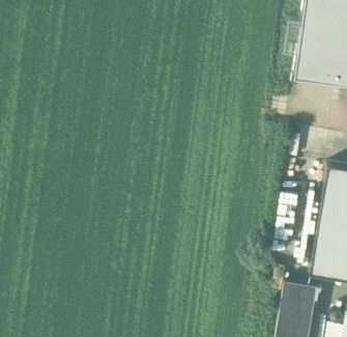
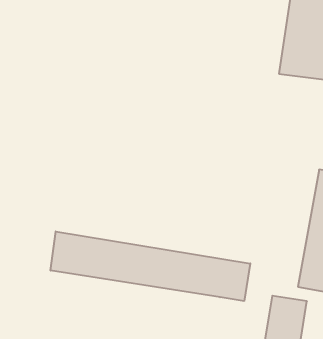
building: none -> [51,231,250,301]

